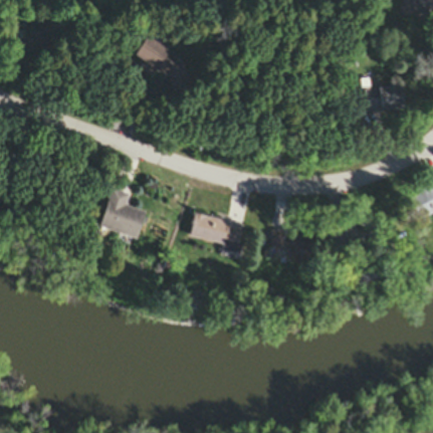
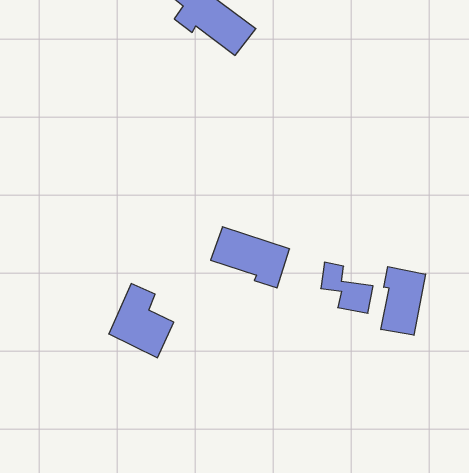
building: [100,188,146,238] -> [109,284,174,358]
building: none -> [381,267,426,335]

